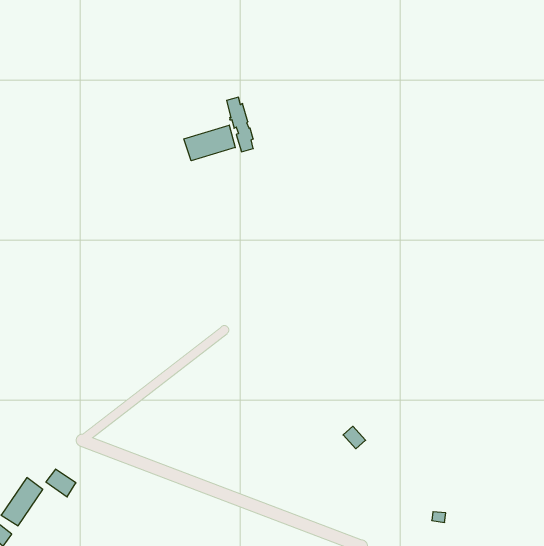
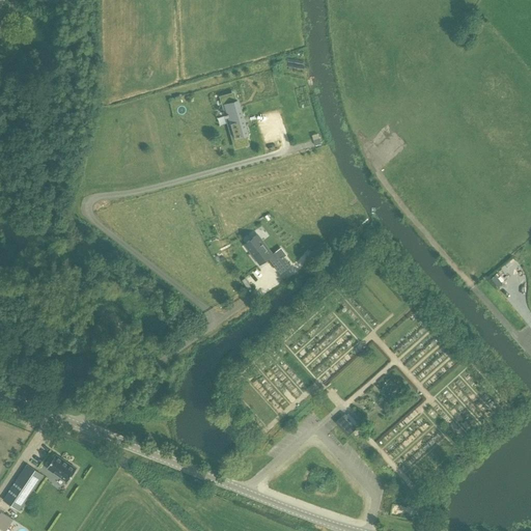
building: [184,125,235,161] -> none
building: none -> [242,234,289,275]

